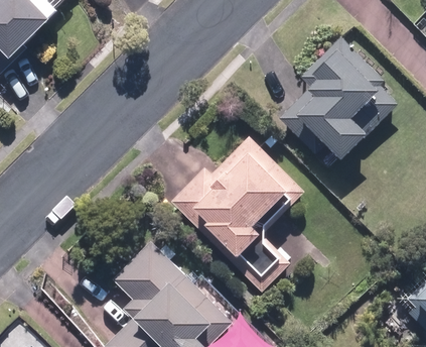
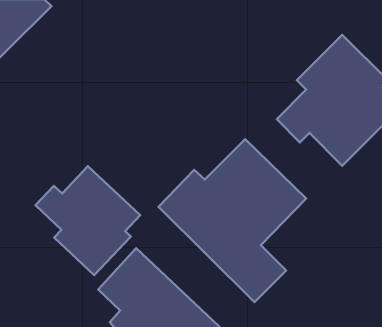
building: none -> [36,166,140,275]

